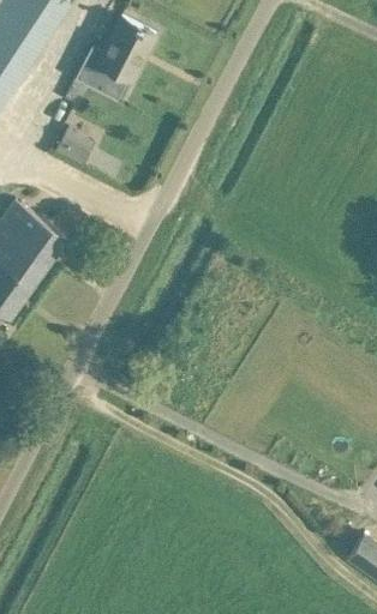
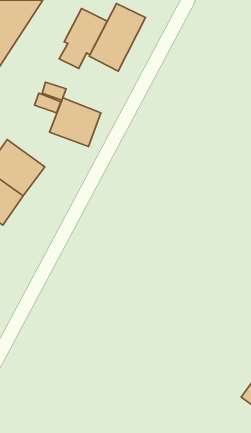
building: none -> [89,4,145,71]
building: none -> [49,98,101,147]

